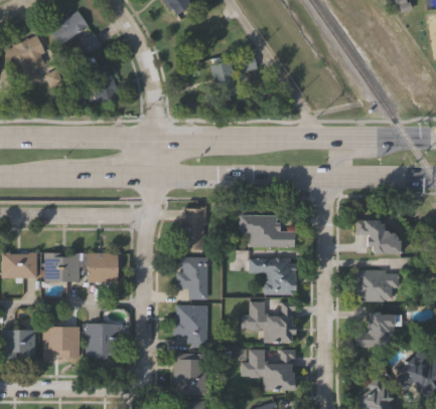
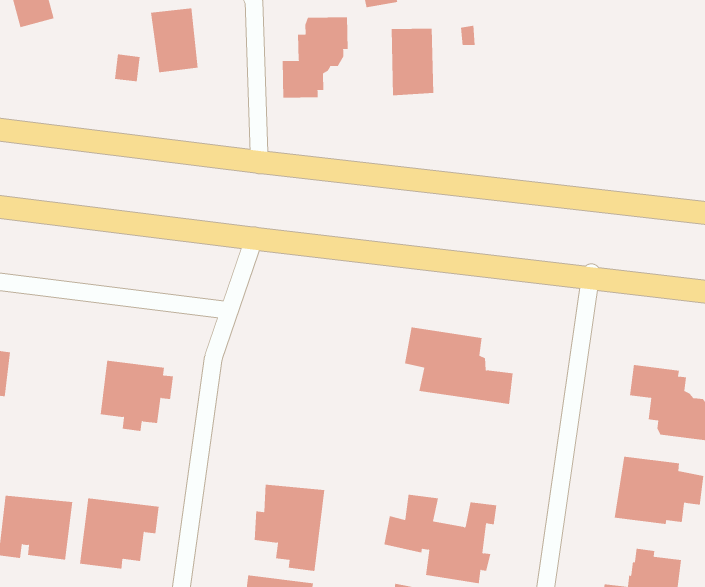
building: none -> [282,16,348,99]
building: [179,204,206,248] -> none
building: [45,251,80,280] -> none
building: [175,255,207,298] -> none
building: [250,257,296,293] -> none

